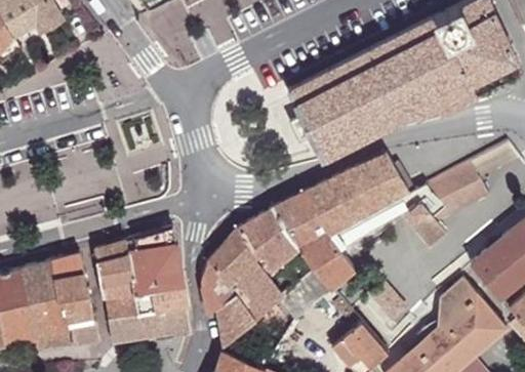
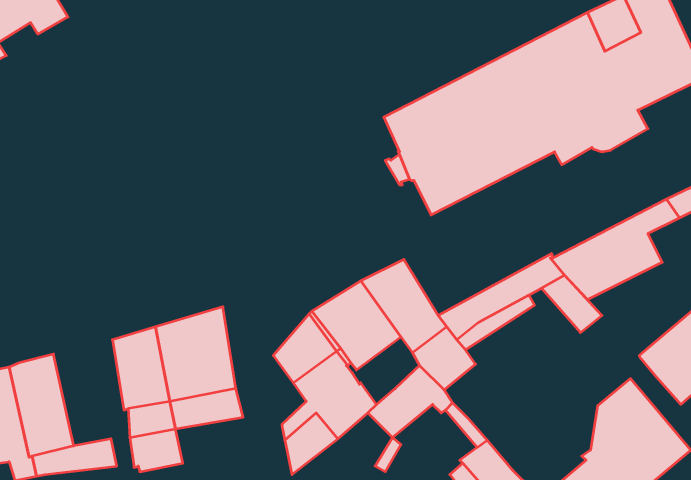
building: [302,156,408,234] -> none
building: [52,254,92,322] -> none
building: [201,262,233,320] -> none
building: [139,306,192,339] -> none

